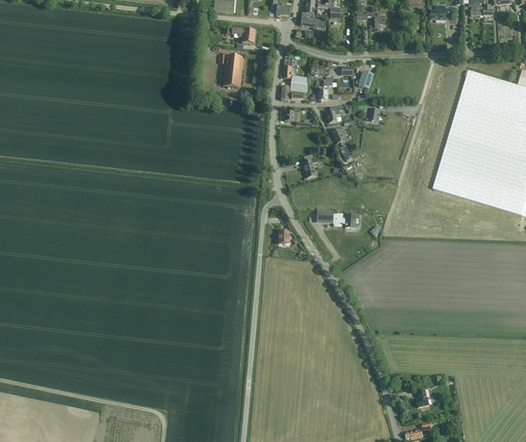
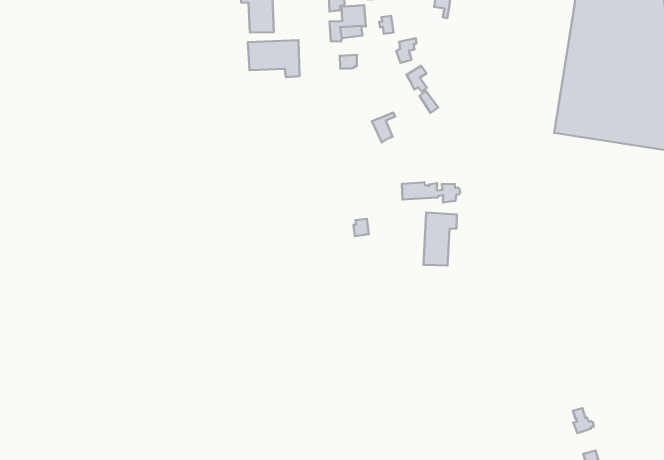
building: none -> [248,40,299,77]
building: none -> [424,213,457,266]

